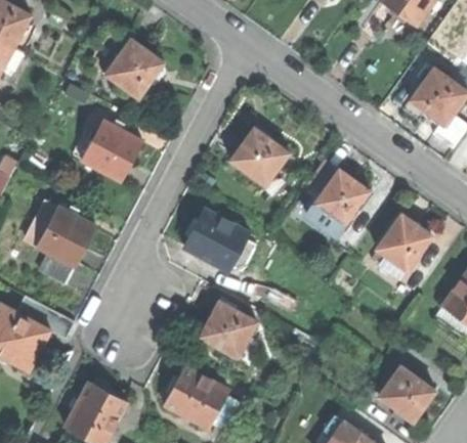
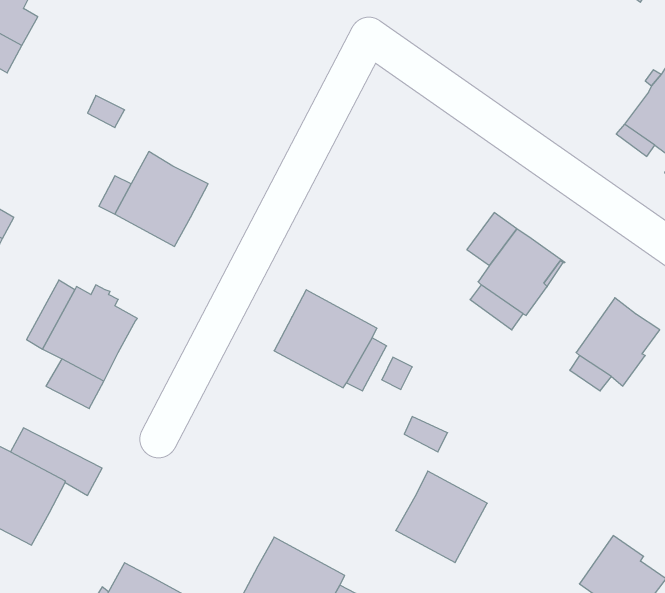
building: [103,37,164,96] -> none
building: [232,126,291,187] -> none
building: [199,300,257,358] -> [396,471,487,563]

